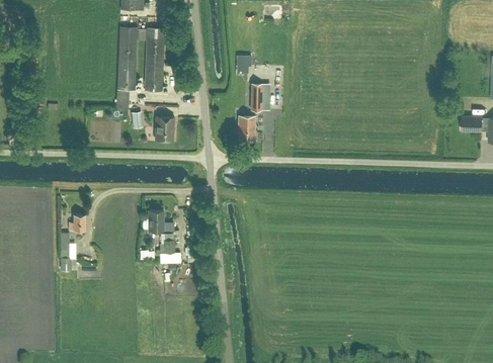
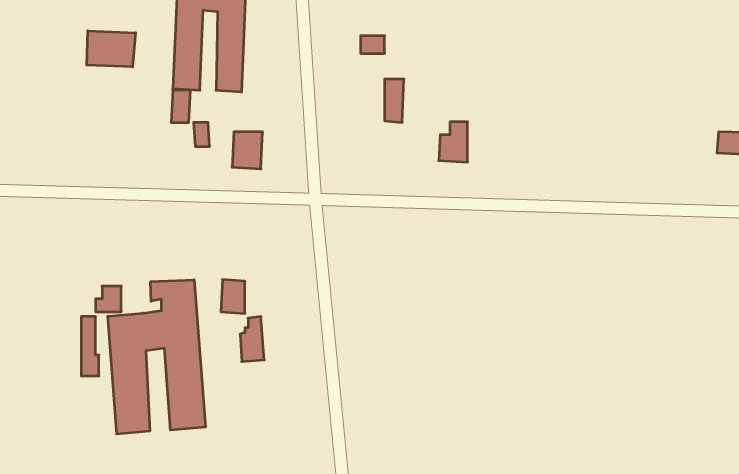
building: none -> [87,31,136,67]
building: [237,116,255,142] -> [439,122,468,162]
building: none -> [108,280,205,434]

